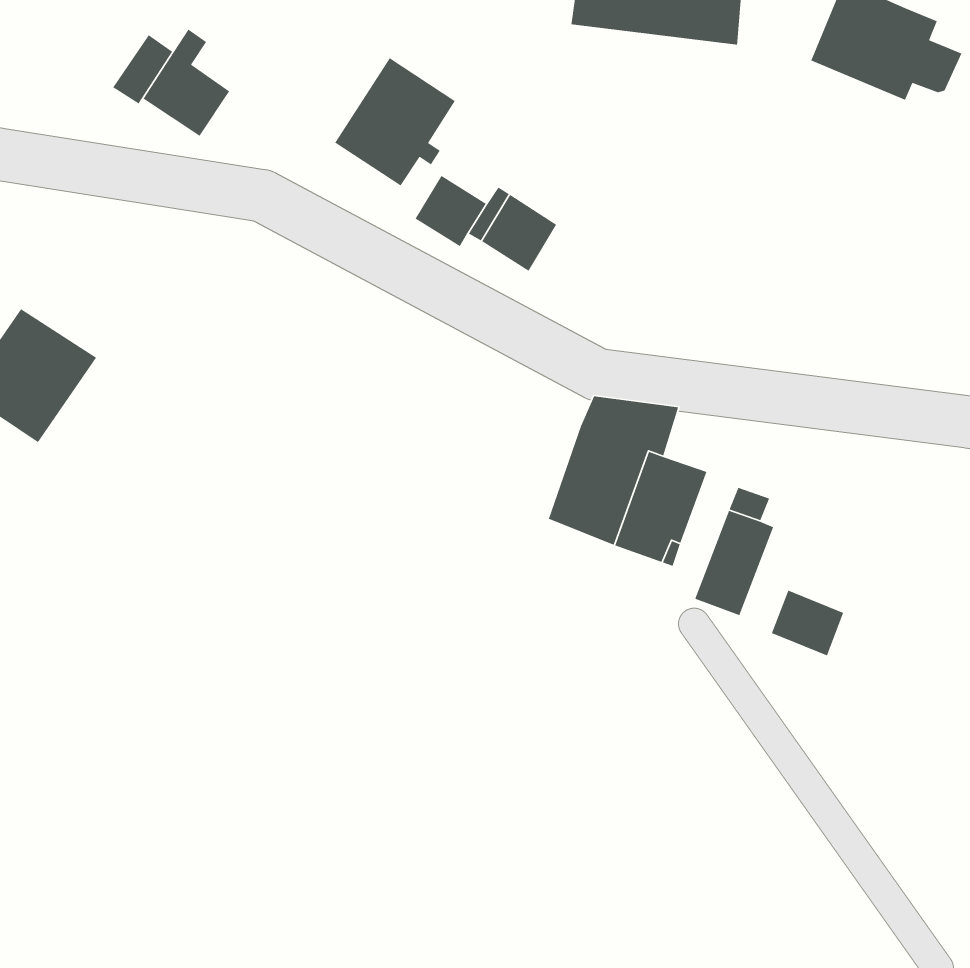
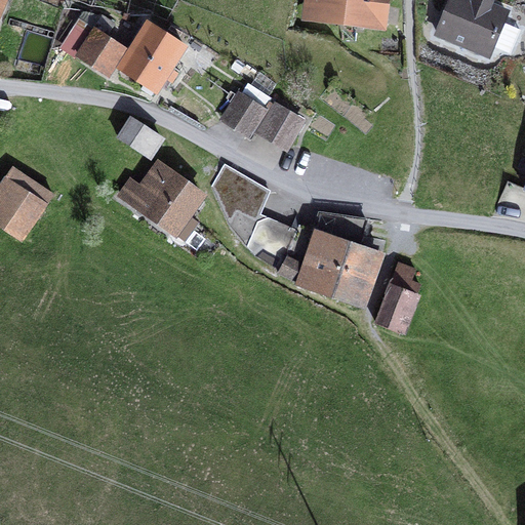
building: [334,57,456,187] -> [118,22,184,91]
building: none -> [118,118,161,157]
building: none -> [120,162,202,239]
building: none -> [211,164,313,280]
building: [771,589,844,656] -> none

